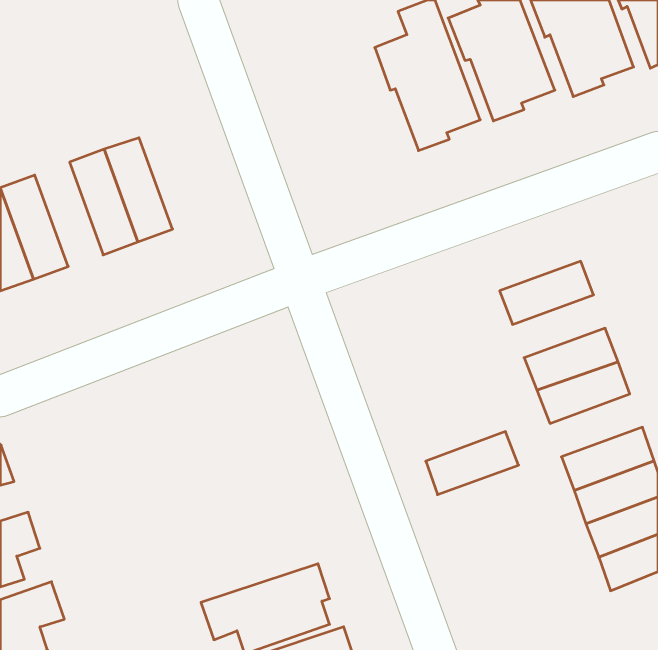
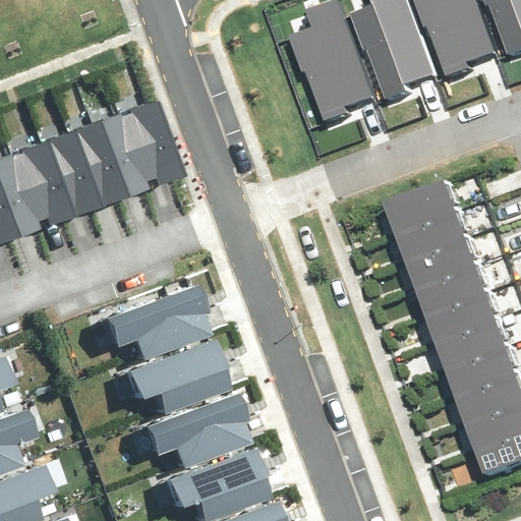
building: none -> [110,105,164,187]
building: none -> [27,134,81,217]
building: none -> [386,186,459,236]
building: none -> [405,239,478,289]
building: none -> [101,288,202,360]
building: none -> [121,343,223,414]
building: [426,432,519,495] -> [435,317,508,367]
building: none -> [139,395,241,466]

